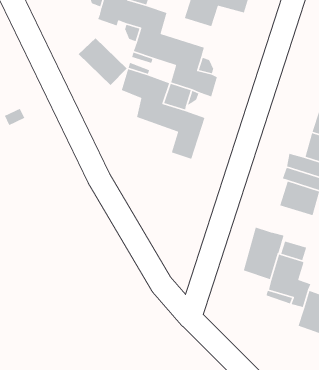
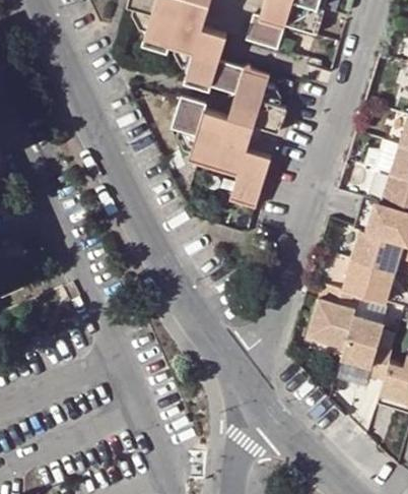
building: [78,38,127,86] -> none
building: none -> [345,261,394,304]

